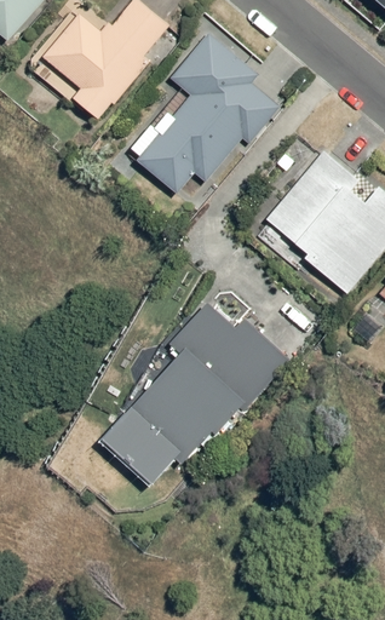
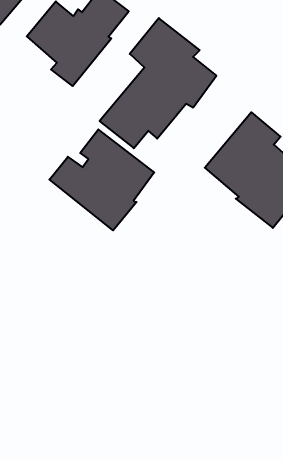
building: none -> [49,129,154,230]
building: [102,304,288,484] -> none

